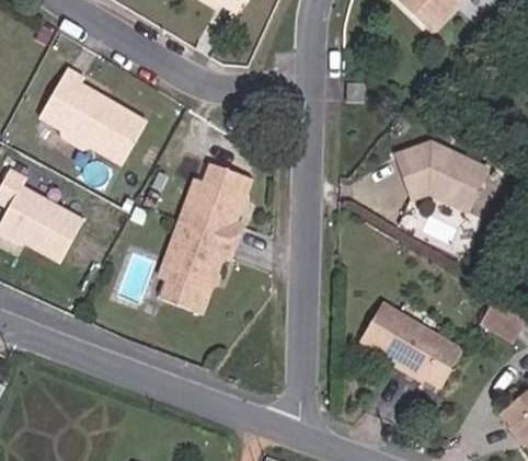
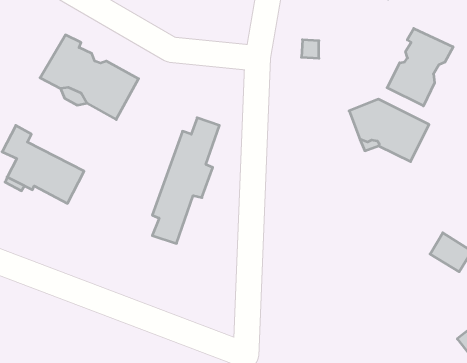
building: none -> [387,28,453,106]
building: [359,304,461,387] -> none

